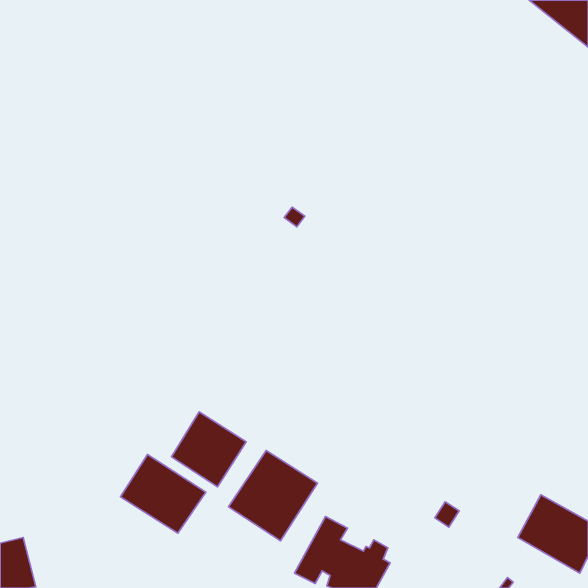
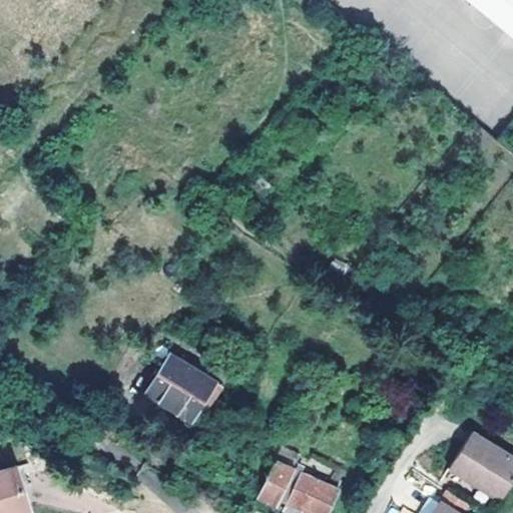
building: [229,451,318,541] -> none
building: [120,455,206,533] -> none

